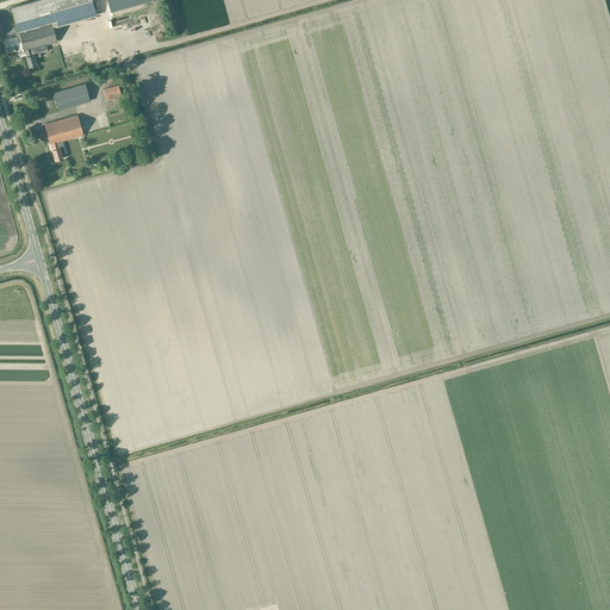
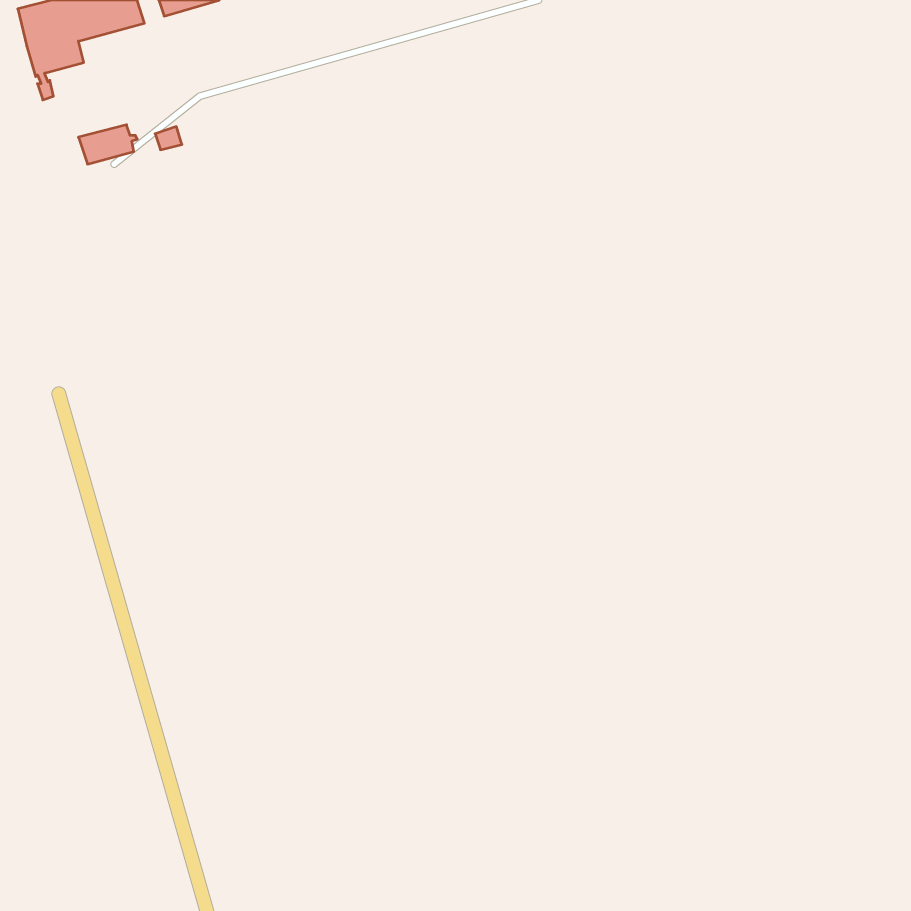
building: [44,114,82,160] -> none

